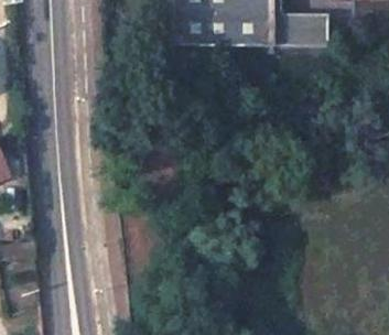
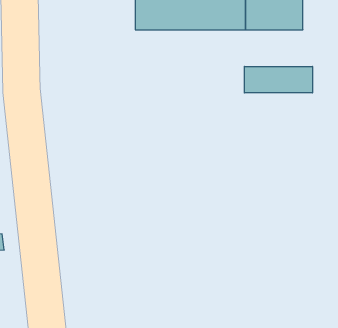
building: none -> [244,66,312,93]

